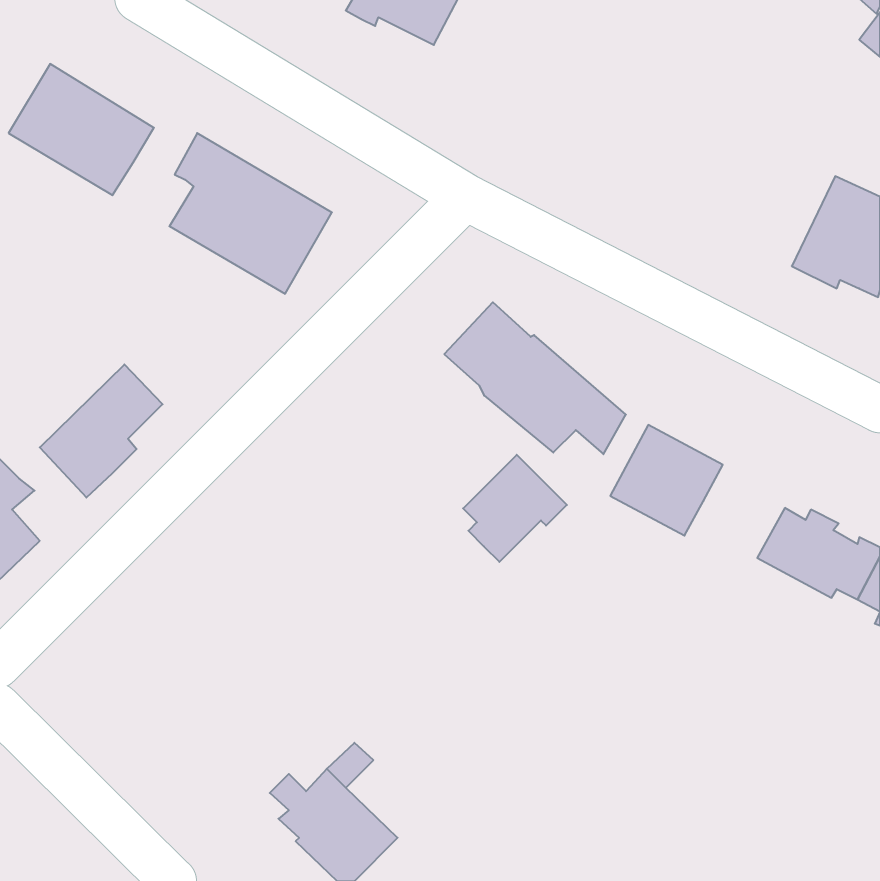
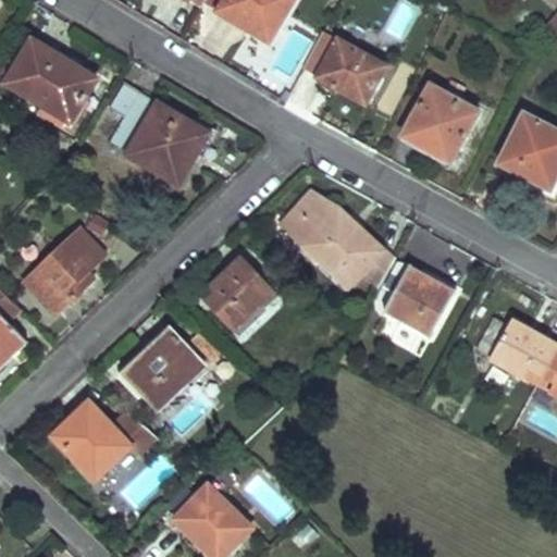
building: none -> [317,36,385,99]
building: none -> [401,81,480,159]
building: [463,455,567,562] -> [208,260,273,327]
building: none -> [123,329,219,406]
building: none -> [50,404,154,480]

